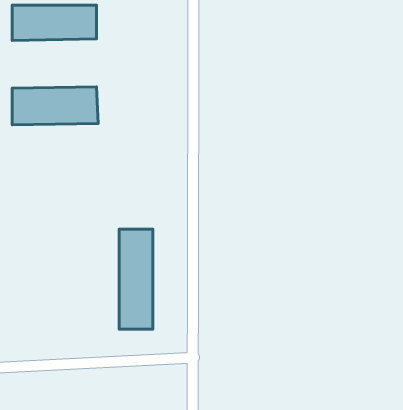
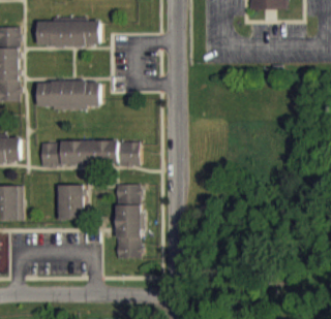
building: none -> [40,141,139,165]
building: none -> [58,185,84,220]

